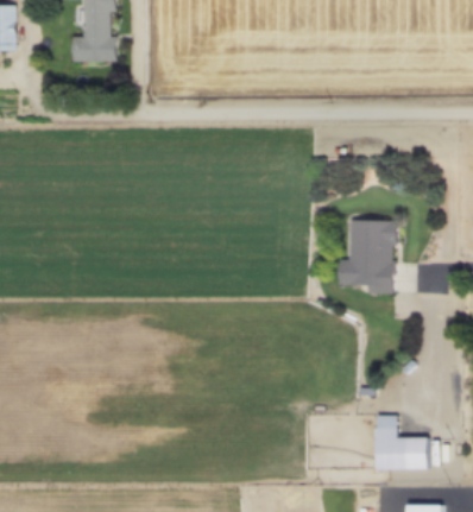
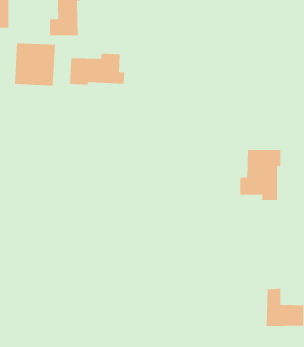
building: none -> [14,42,56,87]
building: none -> [69,53,125,85]

